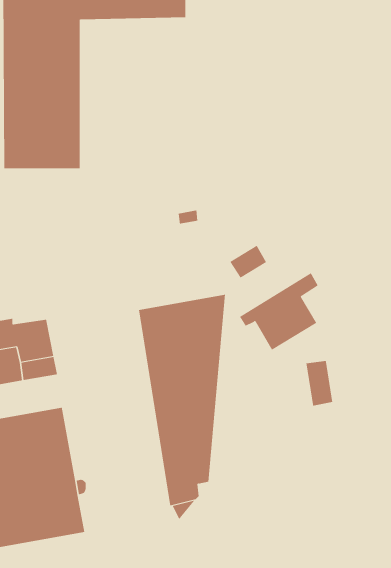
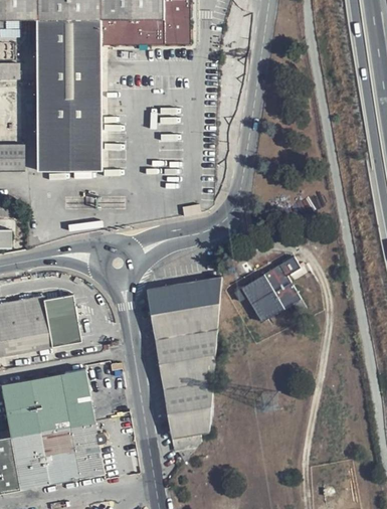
building: [230,245,267,278] -> none
building: [306,360,333,407] -> none

